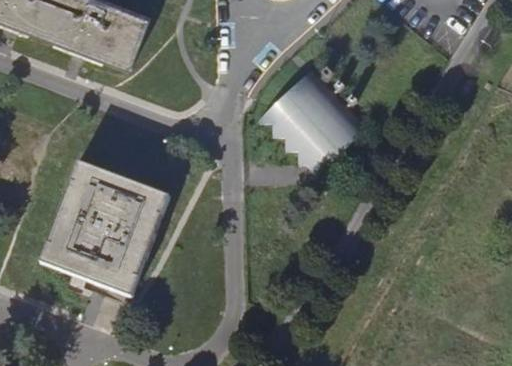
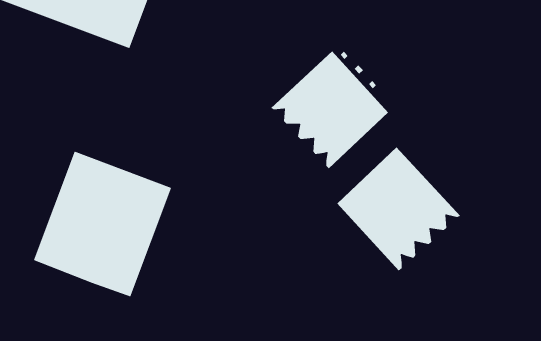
building: none -> [337,146,461,271]

